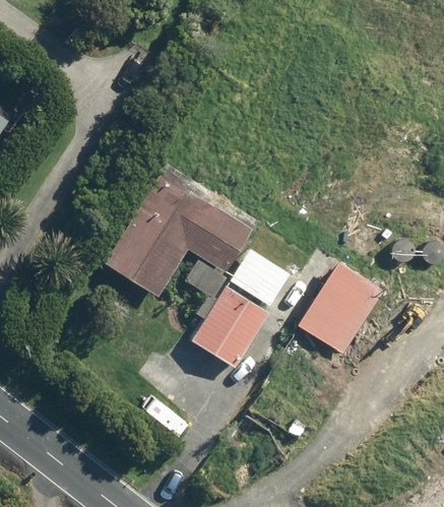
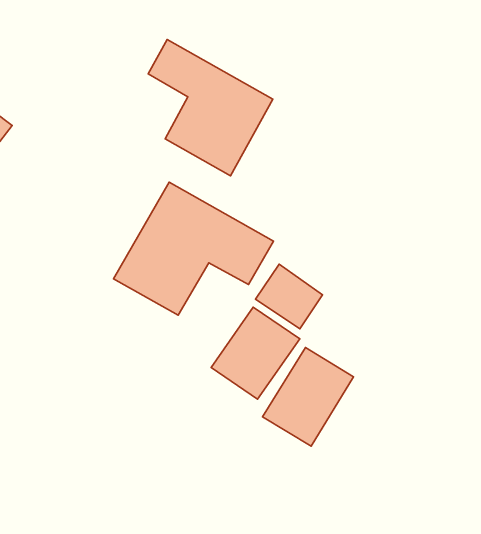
building: none -> [148,39,273,176]
building: [297,264,378,353] -> [262,347,353,446]

